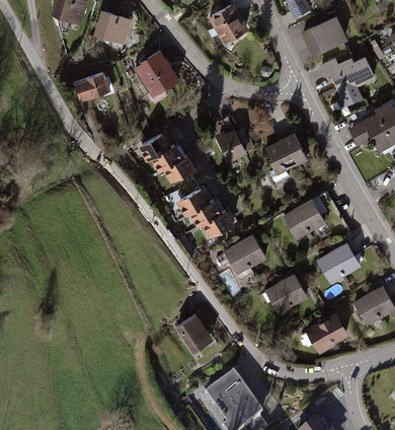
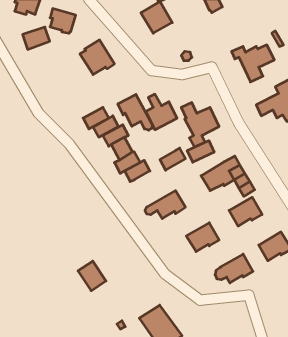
building: [303,16,344,53] -> none
building: [76,73,109,100] -> [23,27,50,49]
building: none -> [118,94,152,130]
building: none -> [187,141,214,162]
building: [202,209,233,236] -> [160,148,185,170]
building: [177,315,212,352] -> [78,261,106,291]

